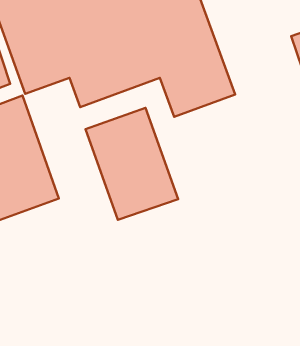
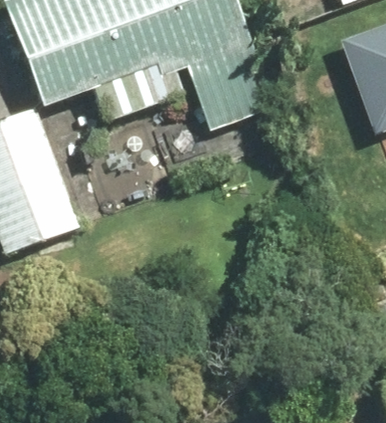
building: [85,108,178,220] -> none

